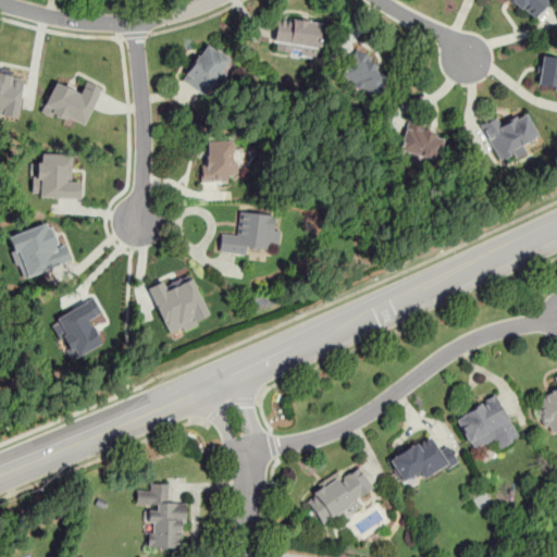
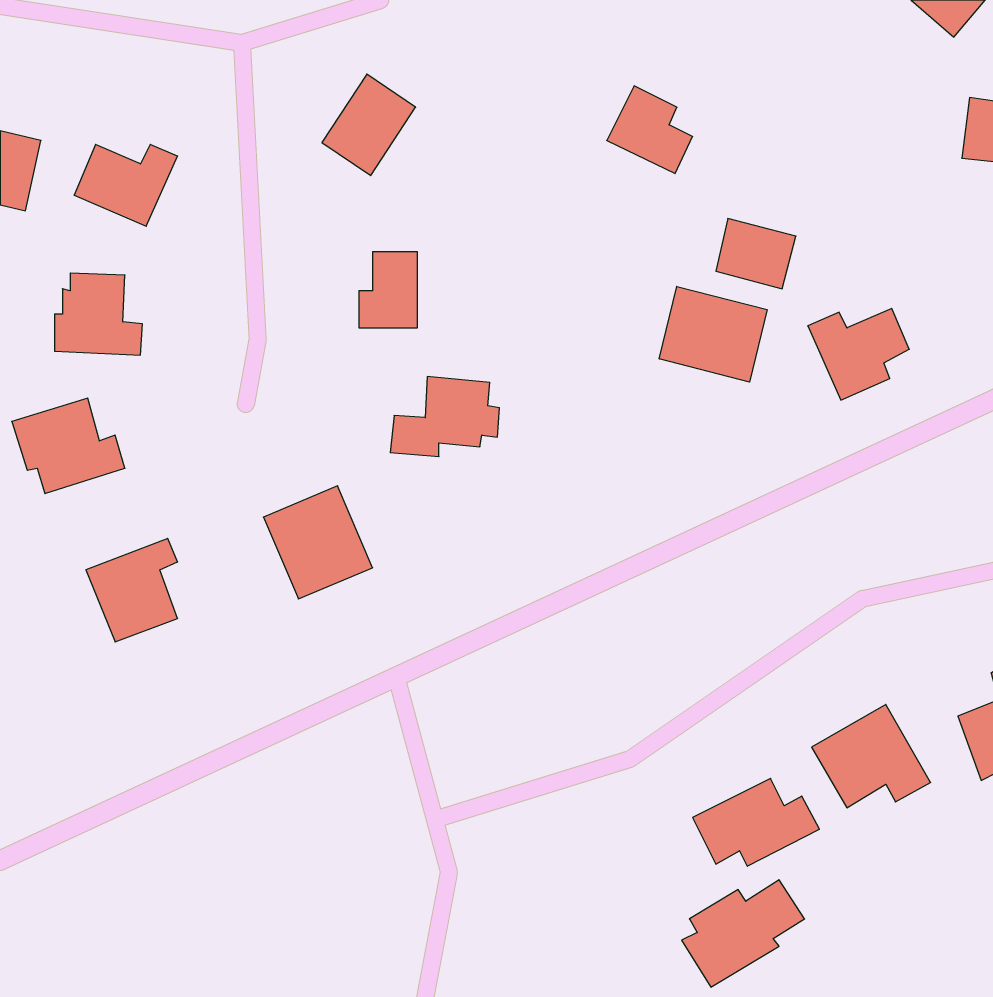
building: [273,15,322,58] -> none
building: [482,112,539,163] -> [808,308,909,400]
building: none -> [659,286,767,382]
building: [307,466,375,525] -> [682,880,805,987]
building: [137,482,187,549] -> none

